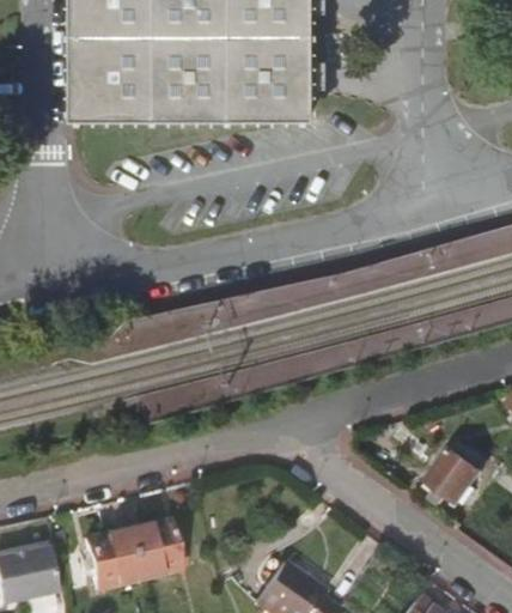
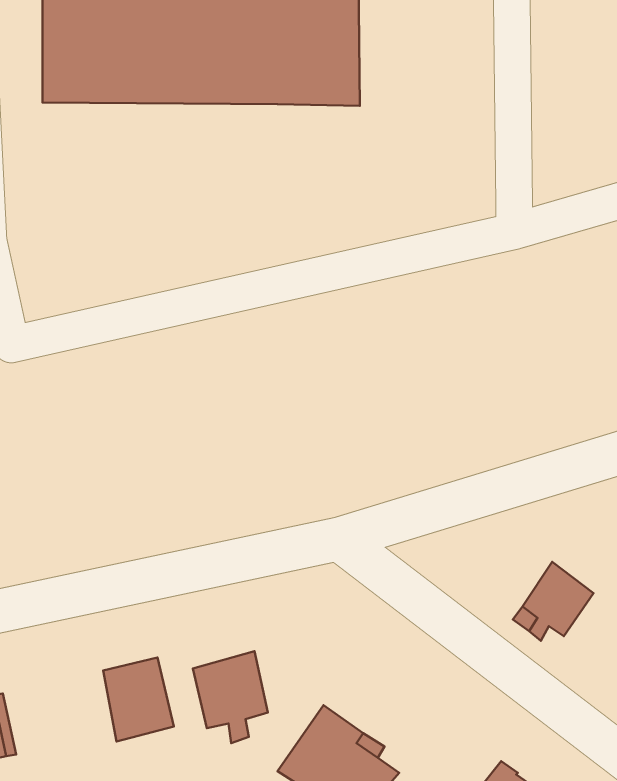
building: none -> [193,651,268,743]
building: [80,529,130,590] -> none

